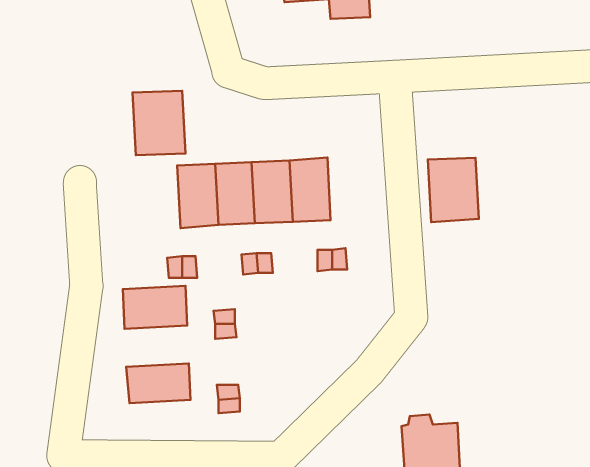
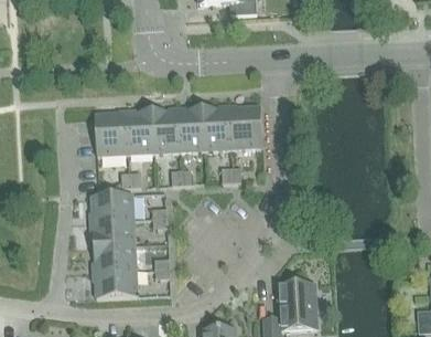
building: [133,91,185,155] -> [95,112,130,155]
building: [428,158,479,222] -> [228,105,262,148]
building: none -> [93,219,136,246]
building: none -> [96,268,138,297]

